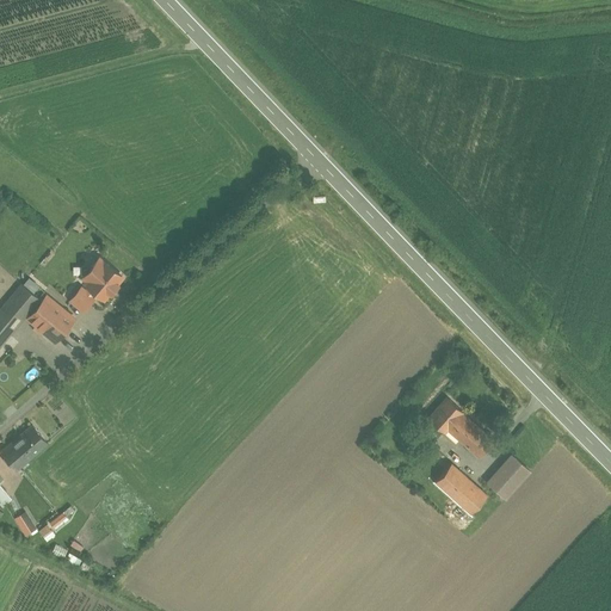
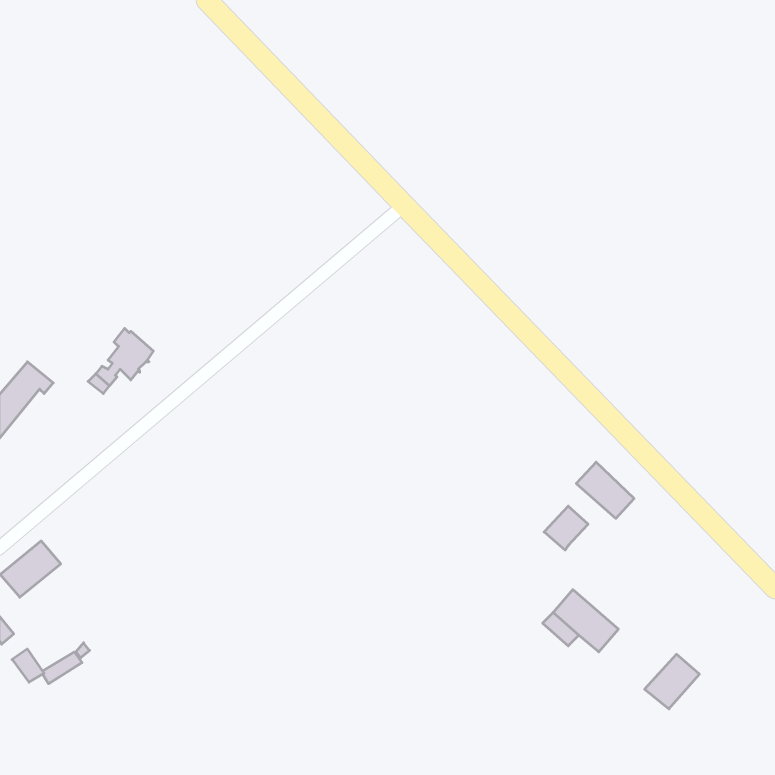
building: [27,296,73,342] -> none
building: [446,413,492,457] -> [576,462,634,518]
building: [486,456,529,499] -> [645,654,699,709]

